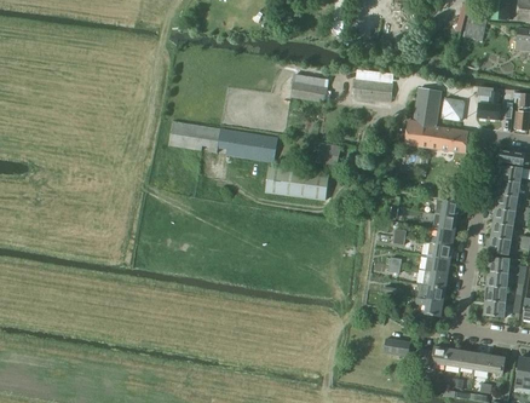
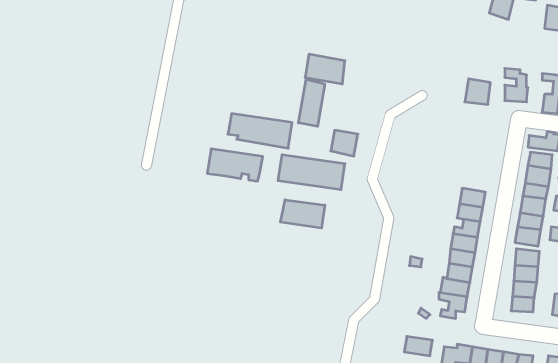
building: [353,80,392,102] -> none
building: [405,88,468,152] -> none
building: none -> [298,79,325,126]
building: [169,122,221,152] -> [207,149,263,181]
building: none -> [280,200,325,228]

